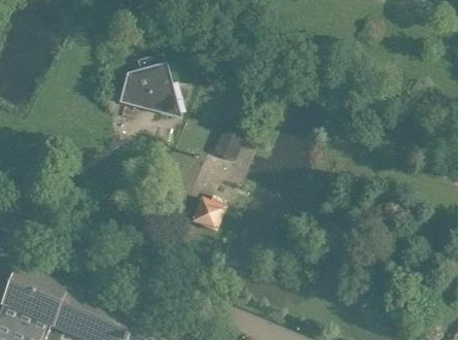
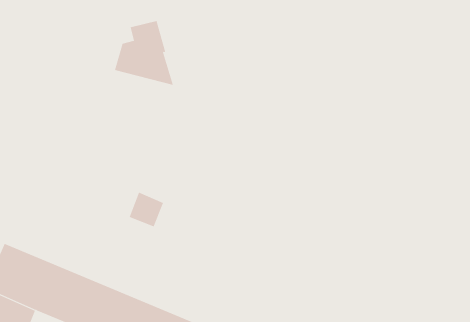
building: [212,125,242,160] -> none
building: [192,196,225,229] -> [129,192,164,227]

